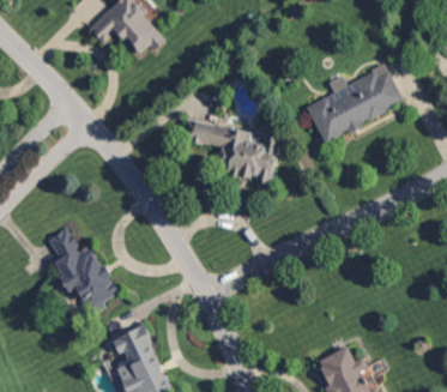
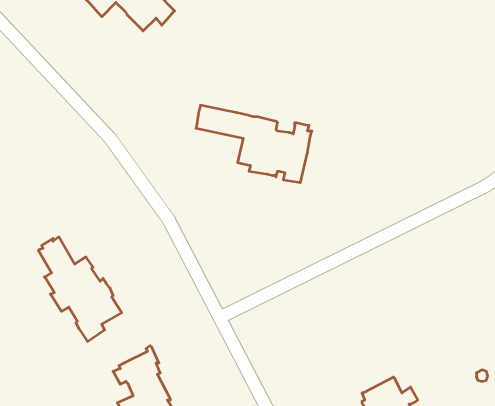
building: [307,71,401,141] -> none

